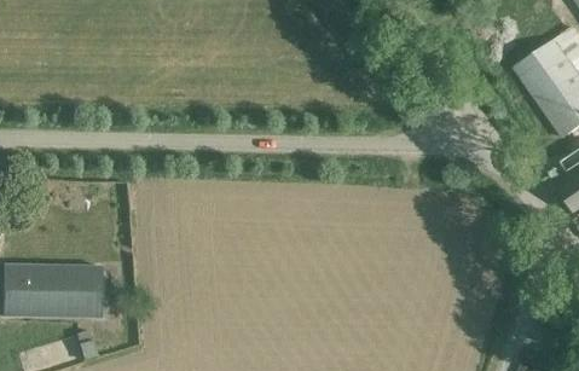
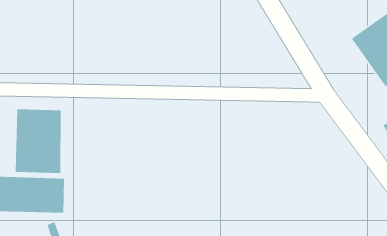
building: none -> [15,109,62,174]

